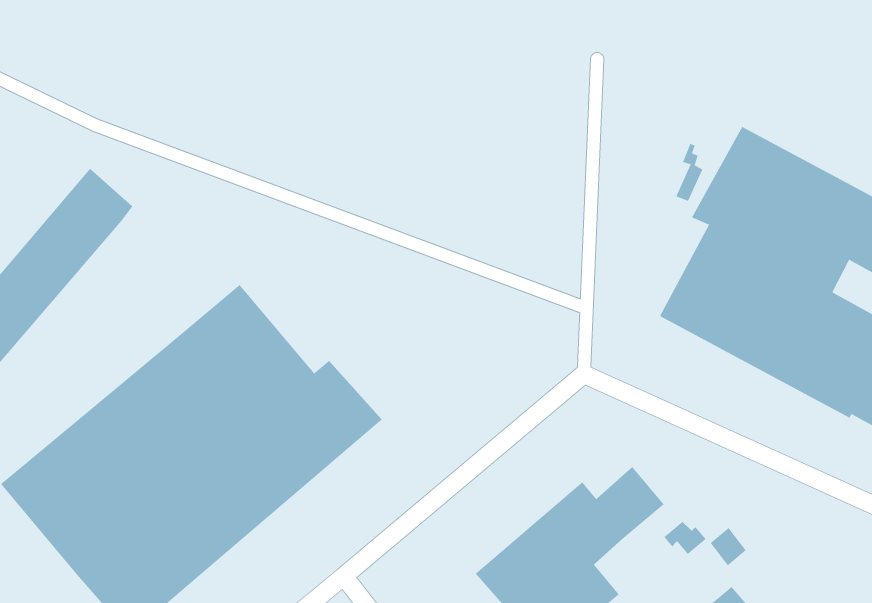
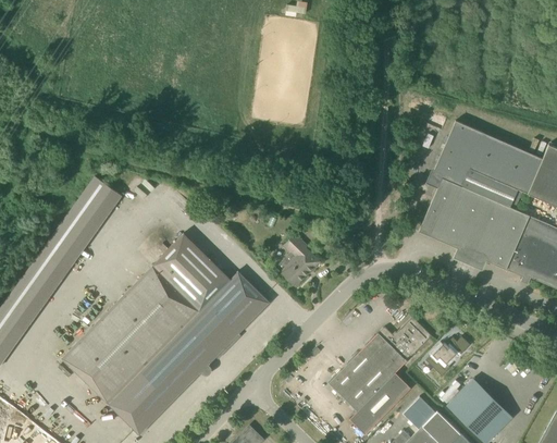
building: none -> [280,235,320,287]

